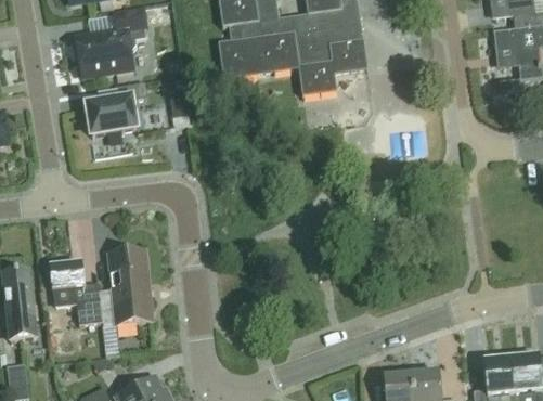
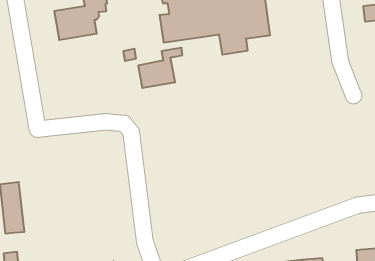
building: [87,82,146,137] -> [138,48,182,88]
building: [49,250,153,325] -> none

